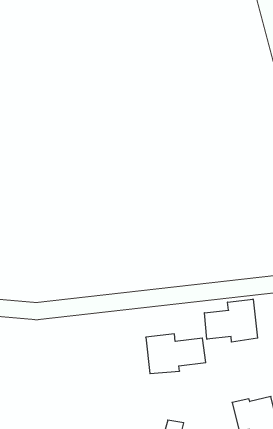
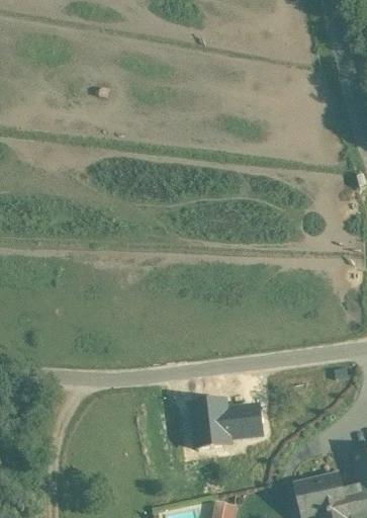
building: [204,299,258,342] -> none

